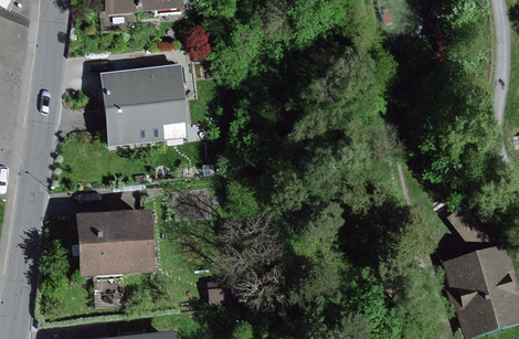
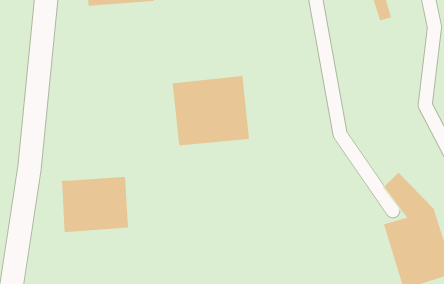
building: [98,62,189,144] -> [172,75,250,146]

